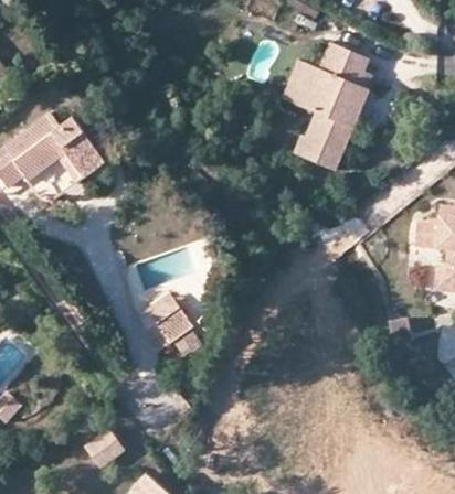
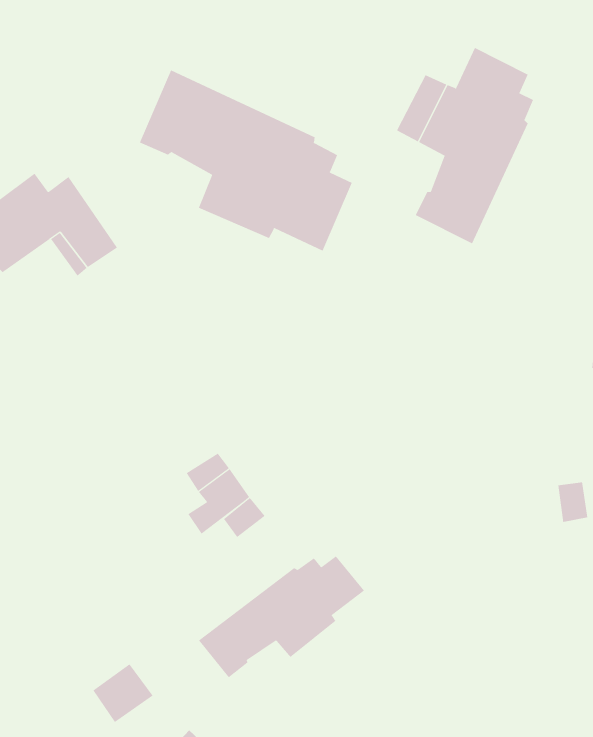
building: none -> [139,70,353,252]
building: none -> [198,555,365,678]

